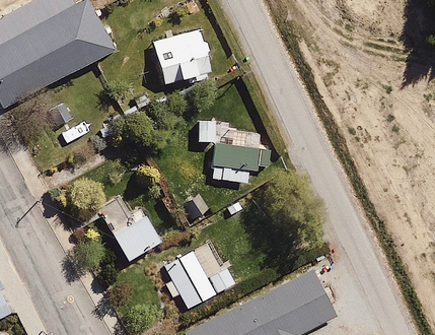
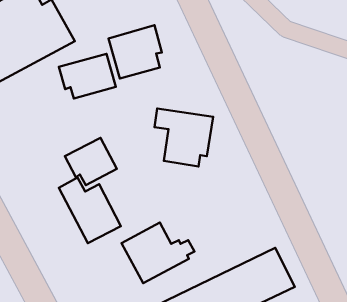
building: none -> [59,54,116,99]
building: none -> [65,138,117,185]

